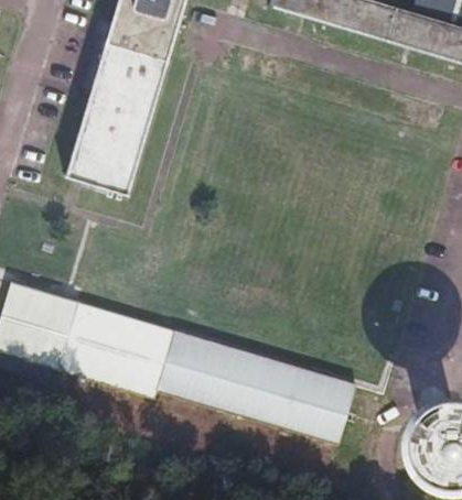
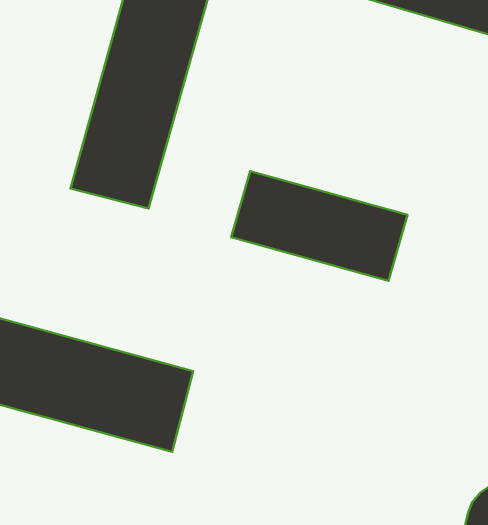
building: none -> [231,171,407,281]
building: [158,329,355,434] -> none

